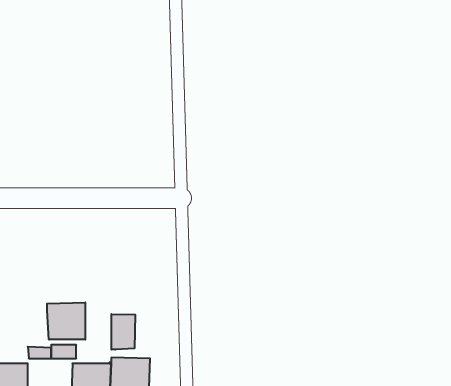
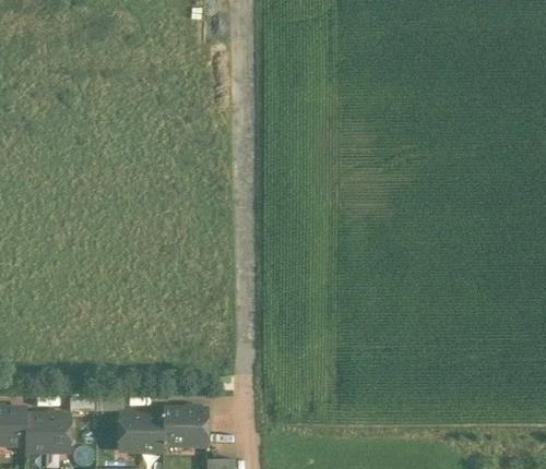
building: [47,302,85,340] -> none
building: [111,314,135,350] -> none

